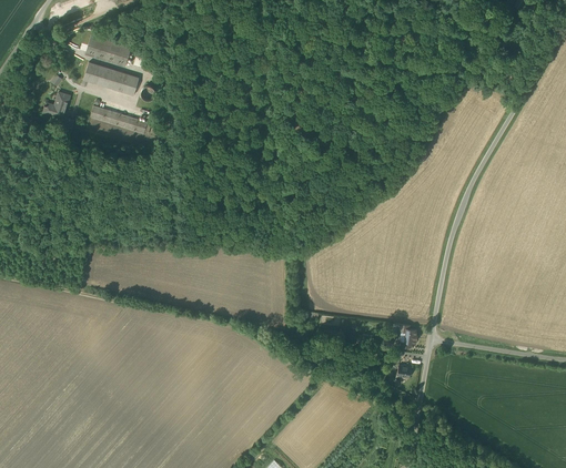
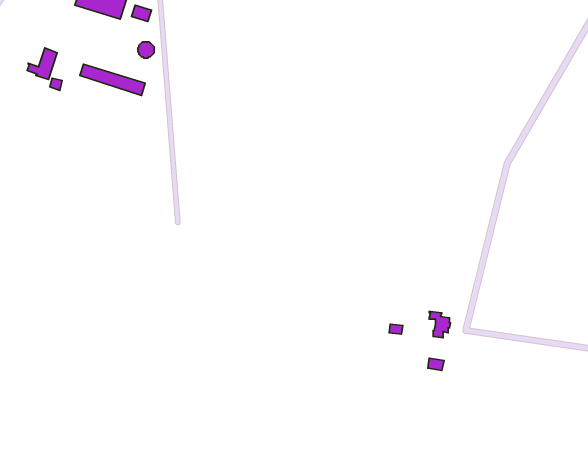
building: [83,62,139,94] -> none

